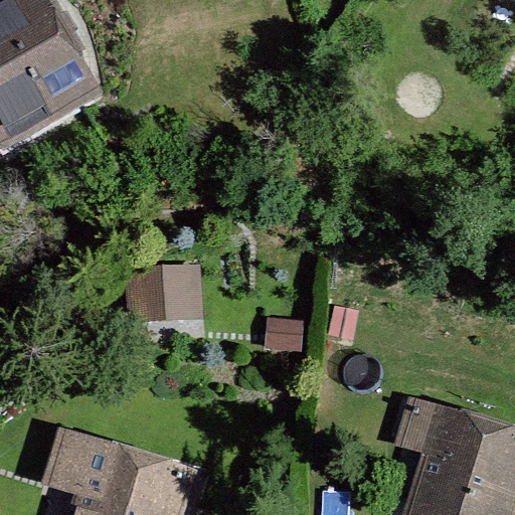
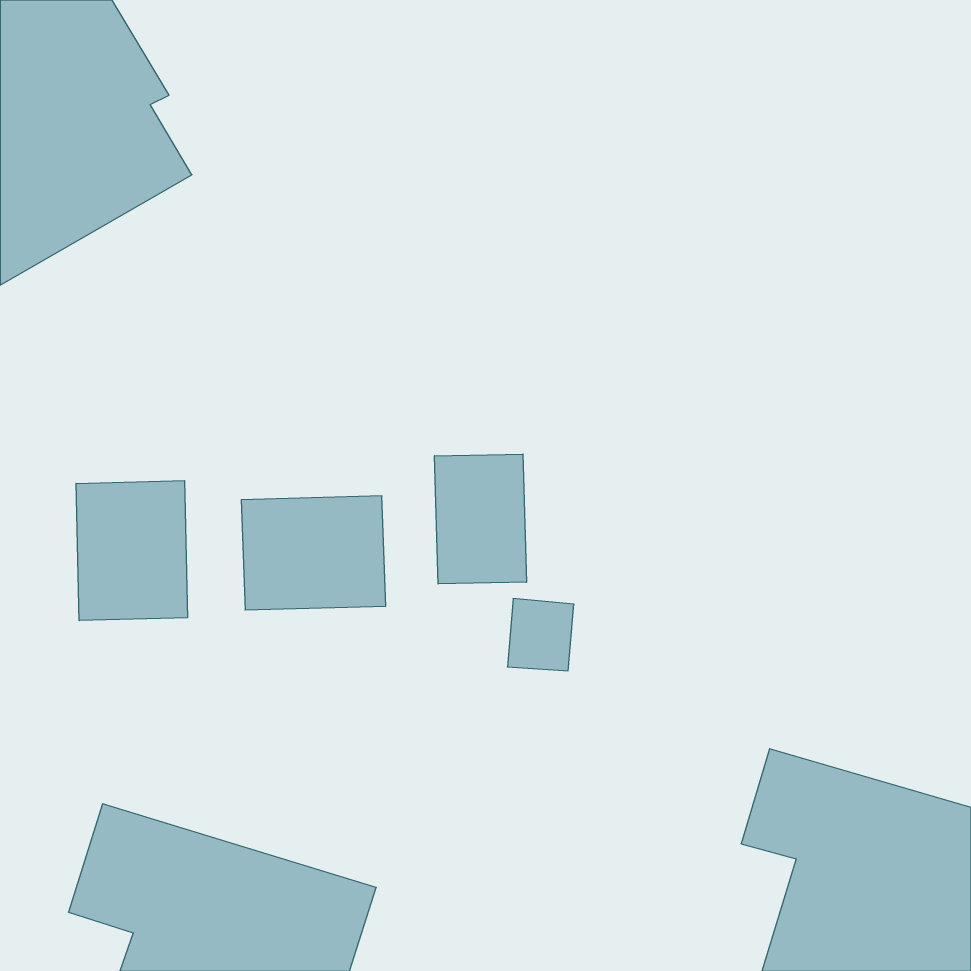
building: none -> [435,454,526,584]
building: none -> [76,481,187,621]

